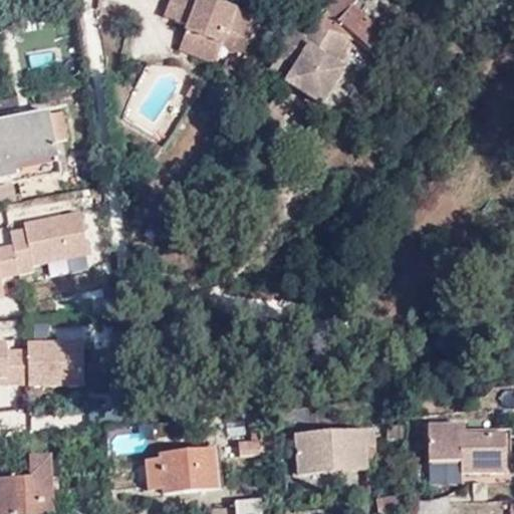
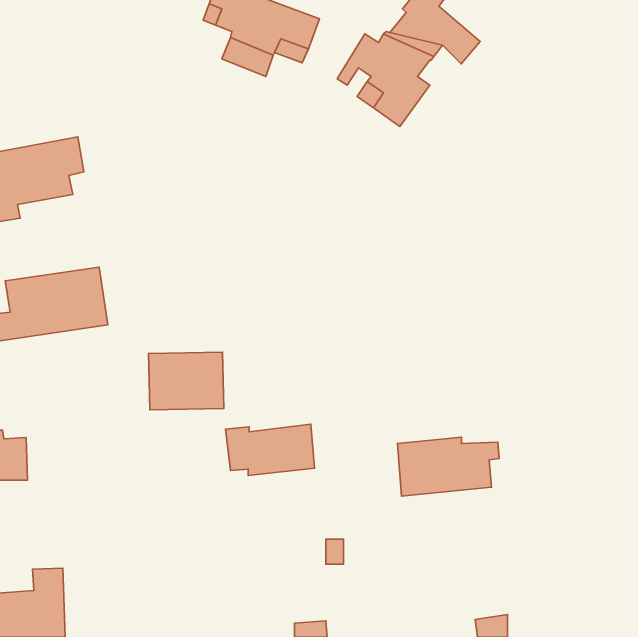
building: [23,343,83,390] -> [149,352,224,410]
building: [295,426,376,473] -> [398,437,499,496]
building: [428,429,507,473] -> none
building: [146,449,217,490] -> [225,424,314,476]

